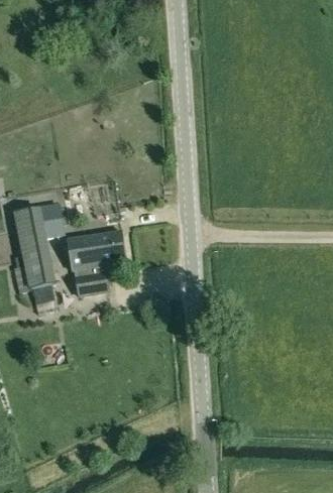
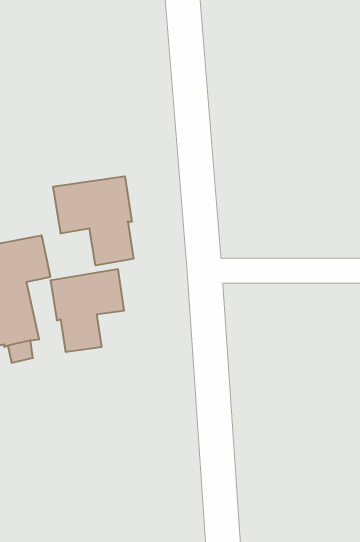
building: none -> [53,176,134,265]

